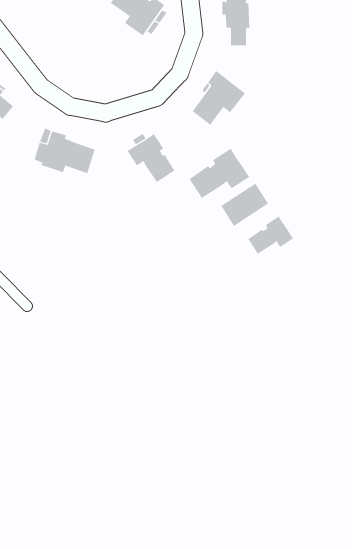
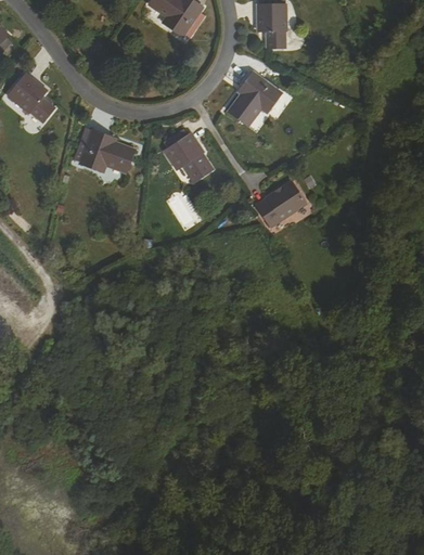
building: [189,148,250,199] -> none
building: [248,216,294,255] -> none

